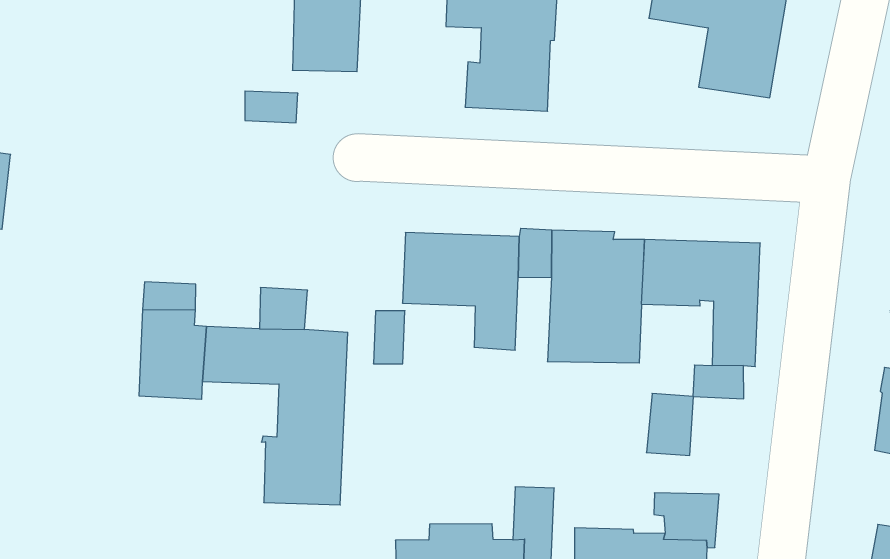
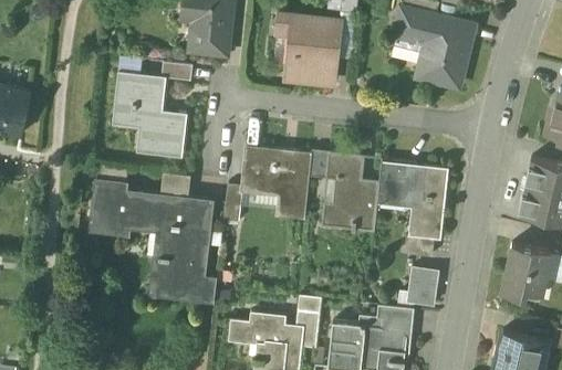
building: none -> [114,72,187,157]
building: [646,393,693,455] -> [408,267,437,304]

